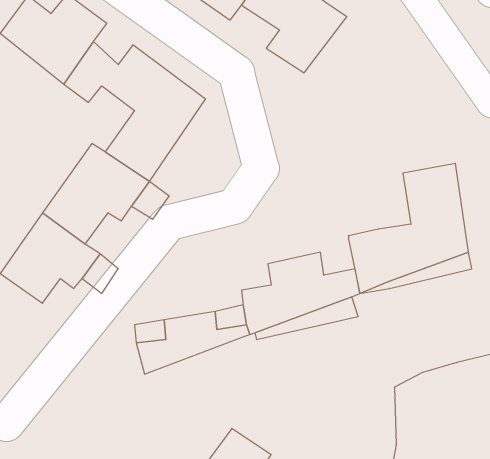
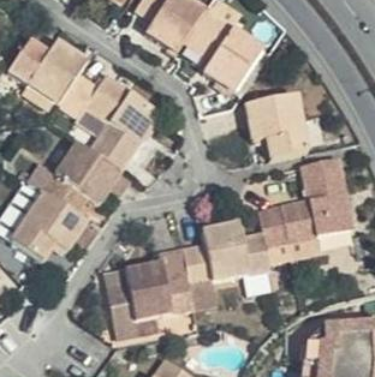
building: none -> [252,97,308,161]
building: none -> [114,285,194,327]

